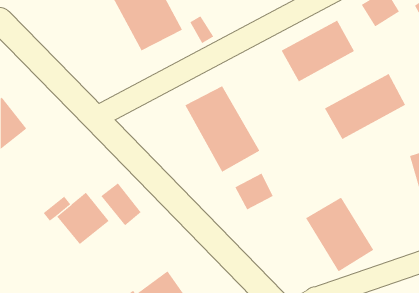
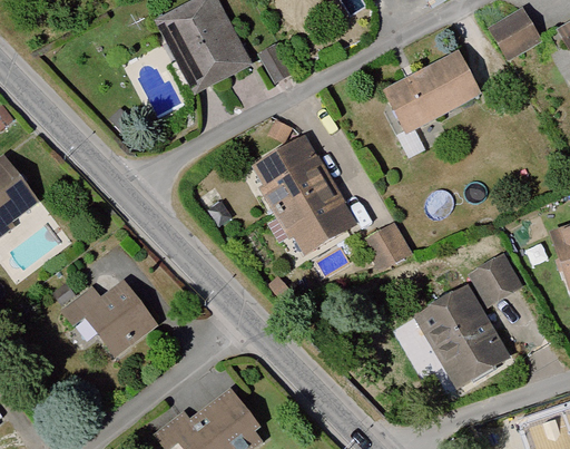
building: [324,73,406,140] -> none
building: [234,173,274,210] -> [364,219,416,270]
building: none -> [471,258,518,305]
building: [101,182,142,226] -> none

